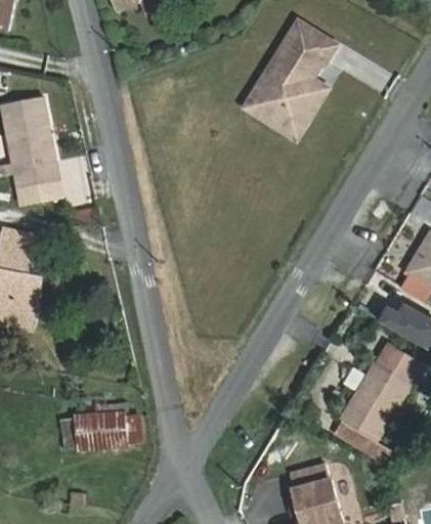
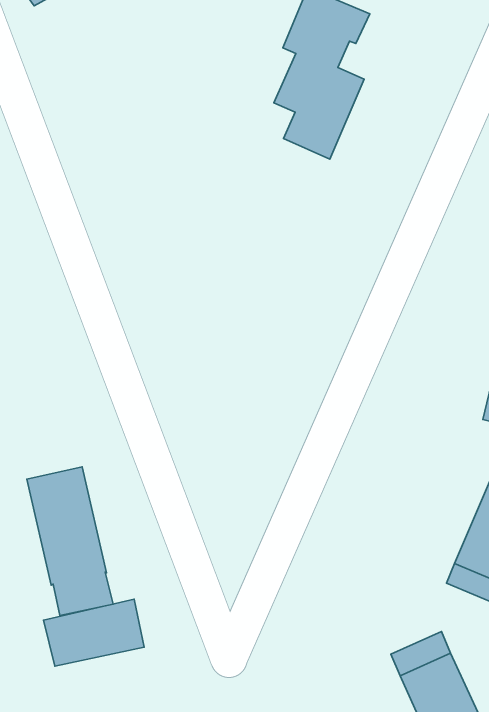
building: [245,59,283,120] -> none
building: none -> [27,467,113,616]

